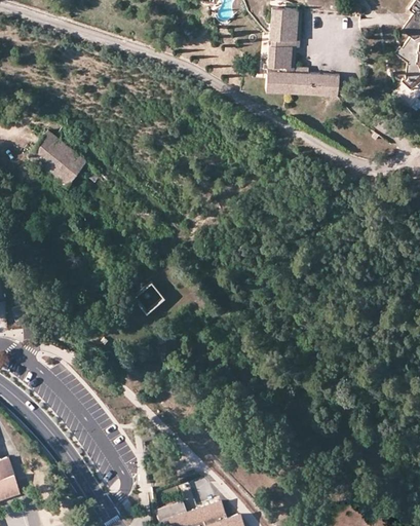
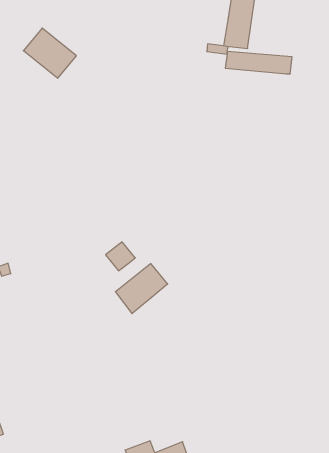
building: [30,130,88,186] -> [23,28,76,78]
building: none -> [115,264,168,314]

